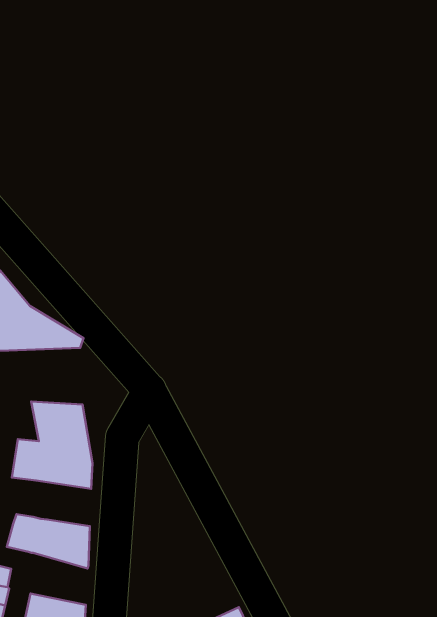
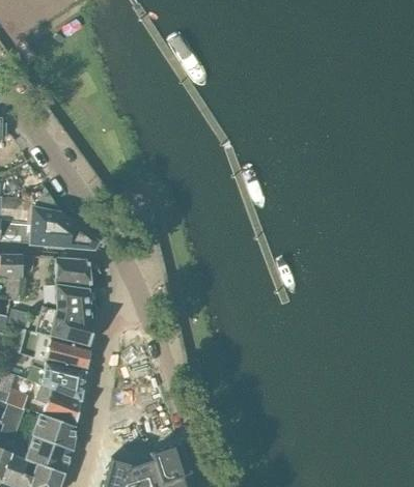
building: none -> [55,260,91,289]
building: none -> [48,338,90,374]
building: none -> [36,386,81,428]

